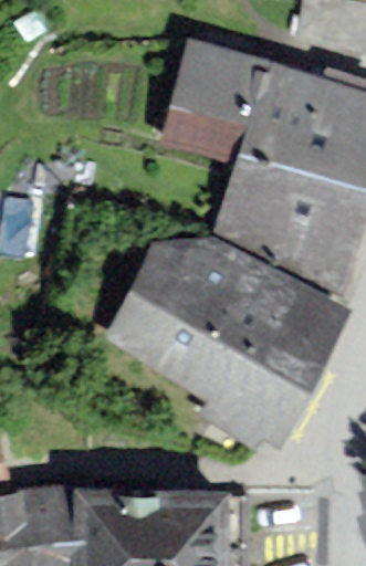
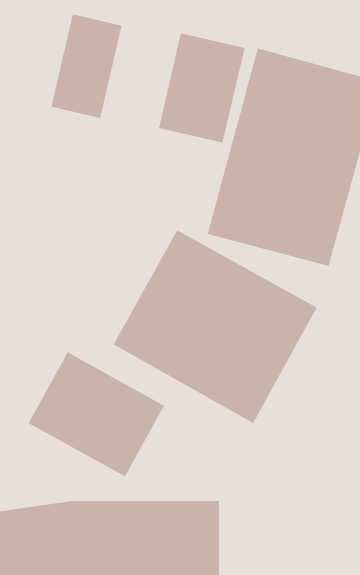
building: none -> [51,14,122,119]
building: none -> [28,352,165,477]

